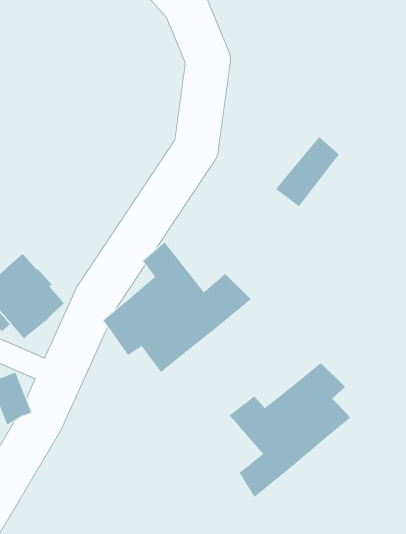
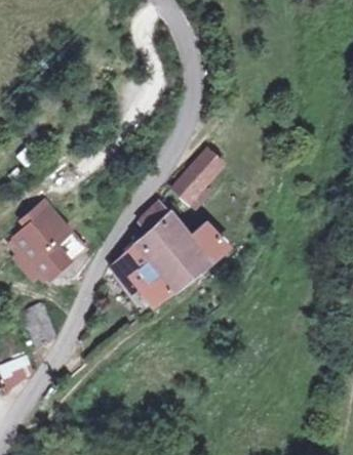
building: [275,136,340,207] -> [171,147,222,202]
building: [229,362,351,498] -> none

